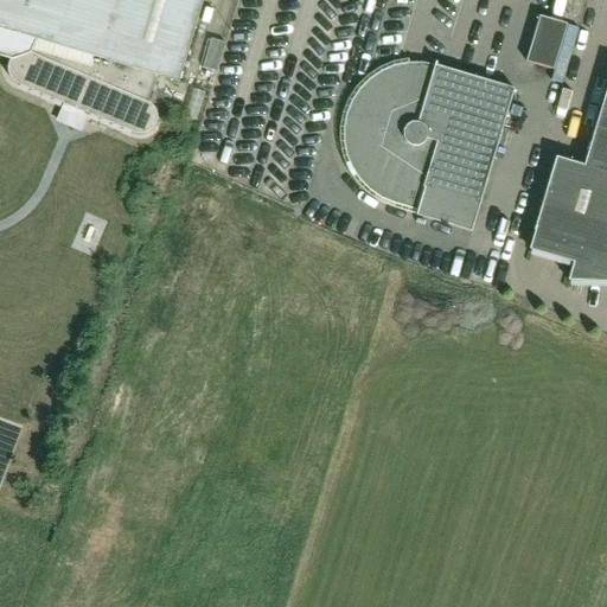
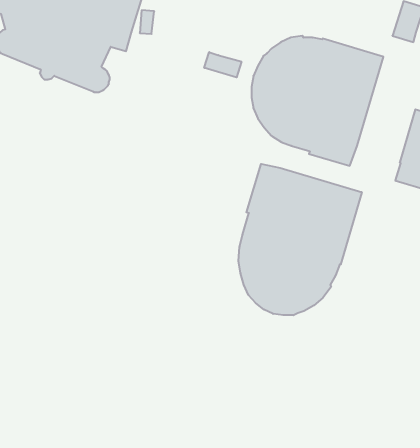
building: none -> [204,52,241,77]
building: none -> [239,164,362,315]

